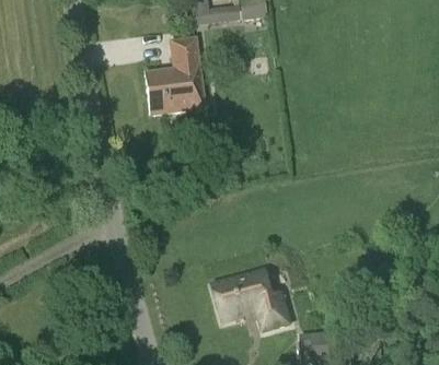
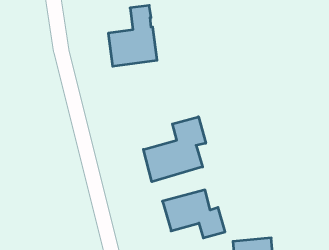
building: none -> [143,117,206,182]

